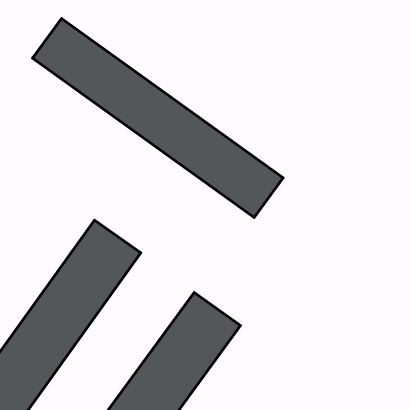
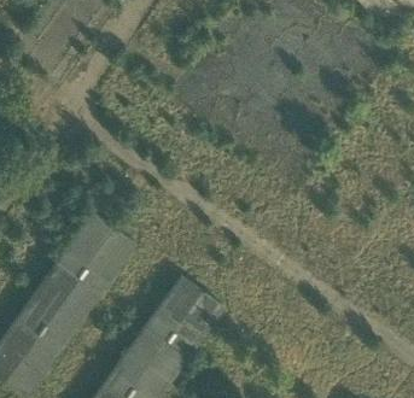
building: [32,18,283,218] -> none

